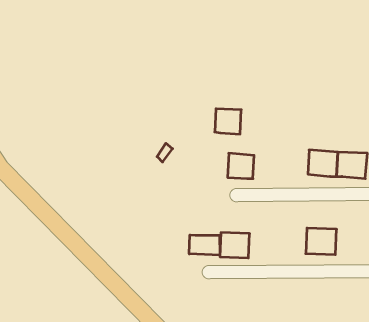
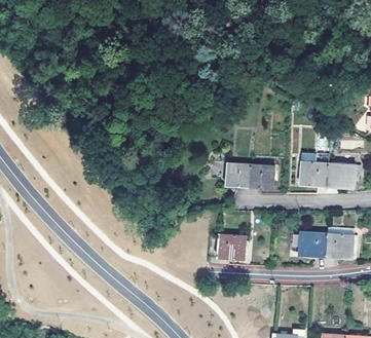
building: [215,109,241,134] -> [249,164,273,188]
building: none -> [326,233,353,257]
building: [189,235,220,255] -> none

